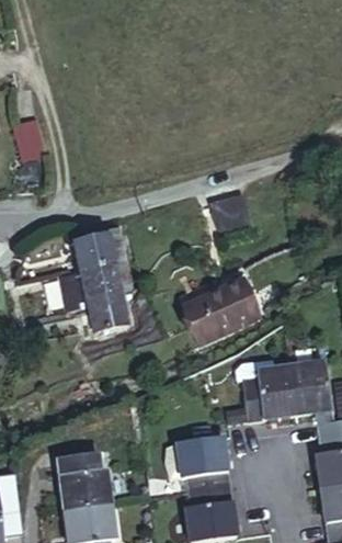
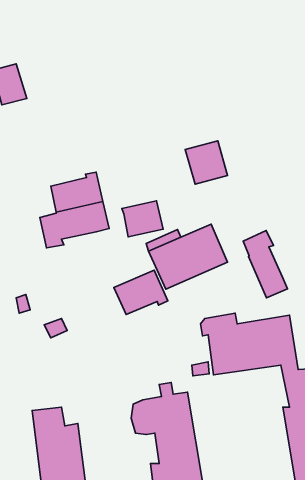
building: none -> [243,231,287,298]
building: [91,284,133,320] -> [122,201,163,237]
building: none -> [114,270,168,314]

